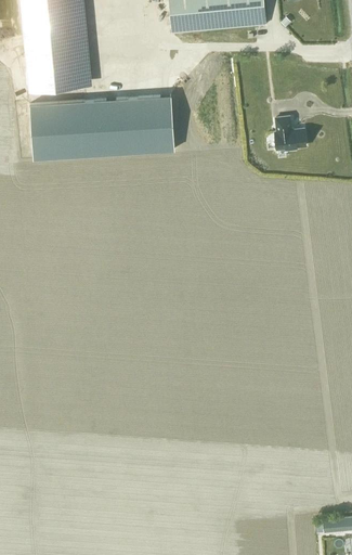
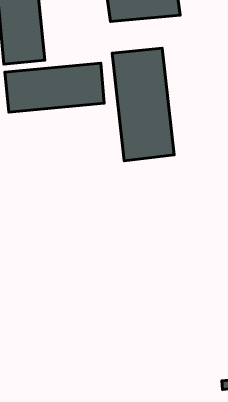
building: none -> [112,48,174,161]
building: [276,115,309,151] -> none

